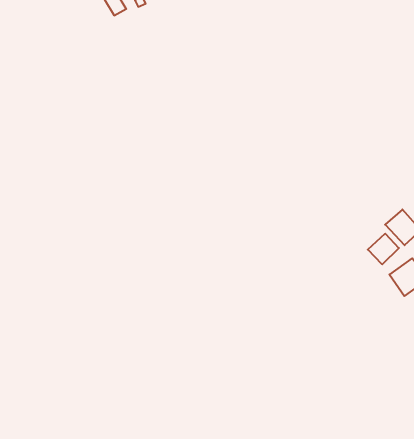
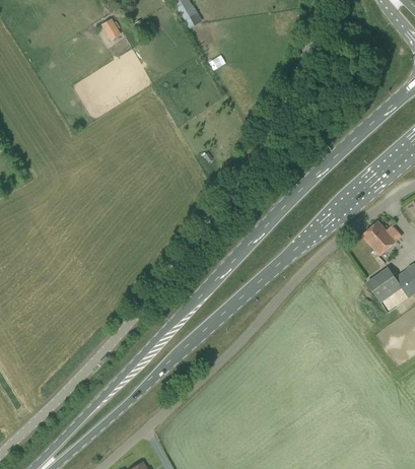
building: [368,234,399,264] -> none

